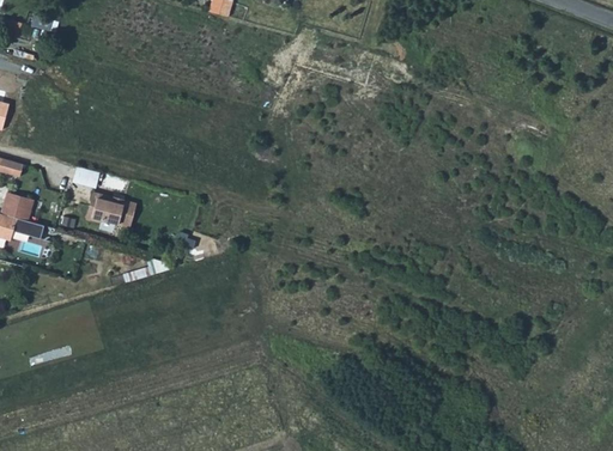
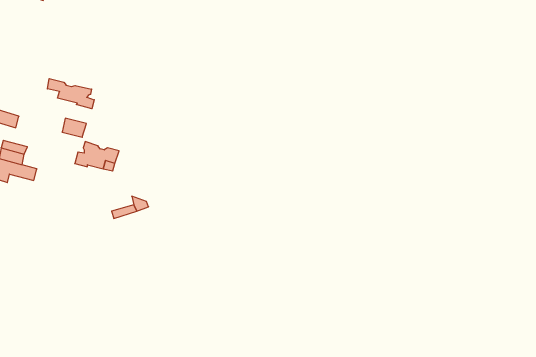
building: none -> [47,79,94,109]

